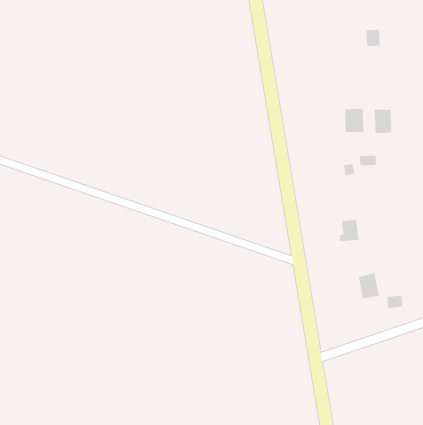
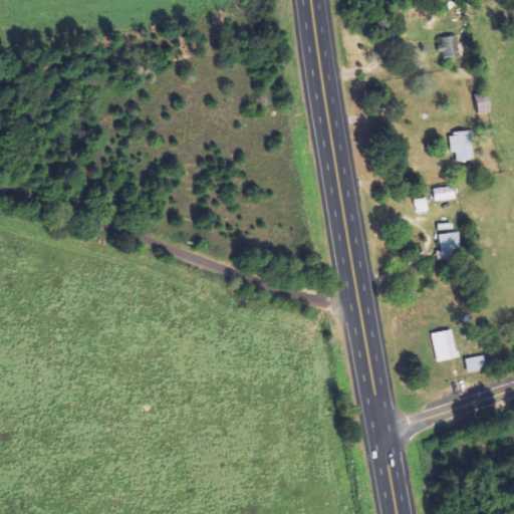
building: [344,108,364,133] -> none
building: [339,219,359,242] -> [436,232,461,259]

